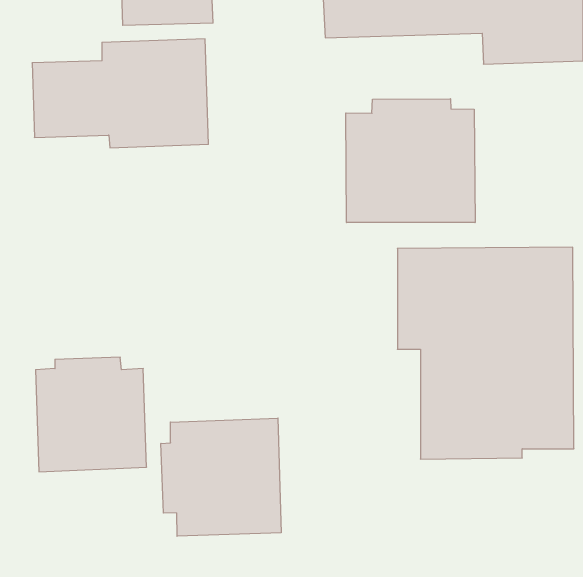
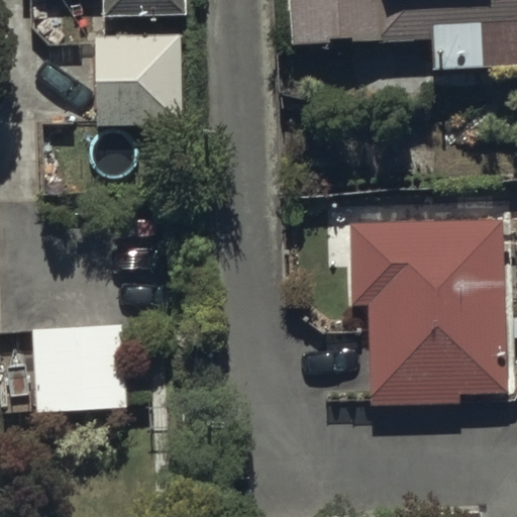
building: [346,99,475,223] -> none
building: [161,418,281,536] -> none

